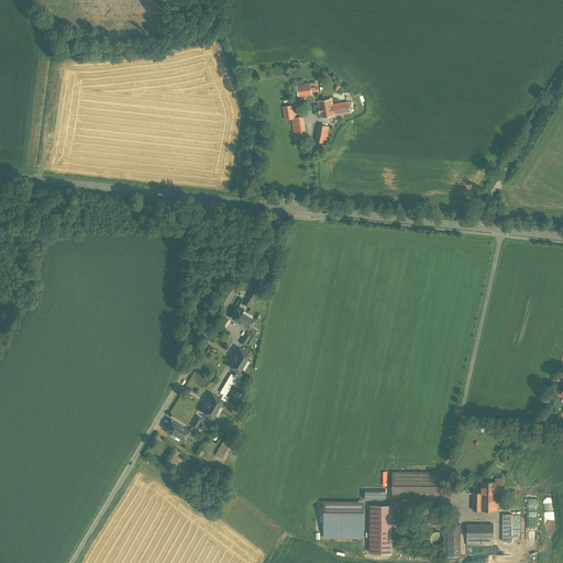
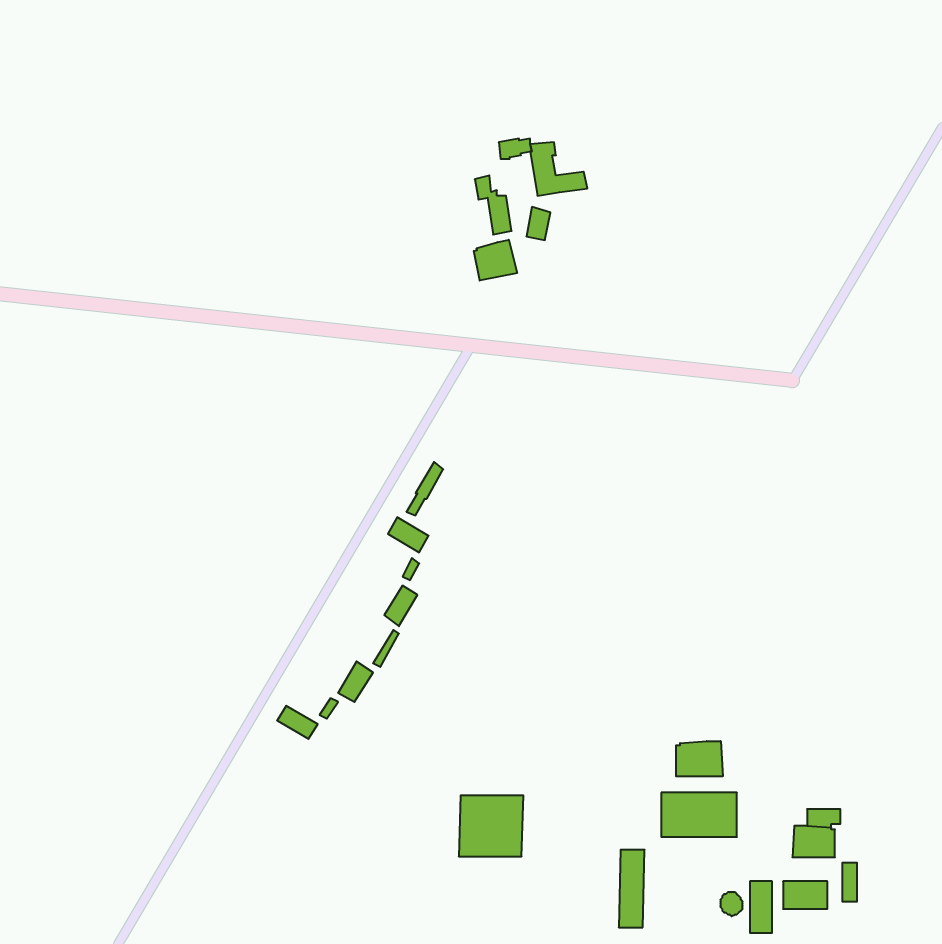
building: none -> [474,240,517,281]
building: none -> [676,741,723,776]
building: [323,501,362,538] -> [459,795,523,856]

